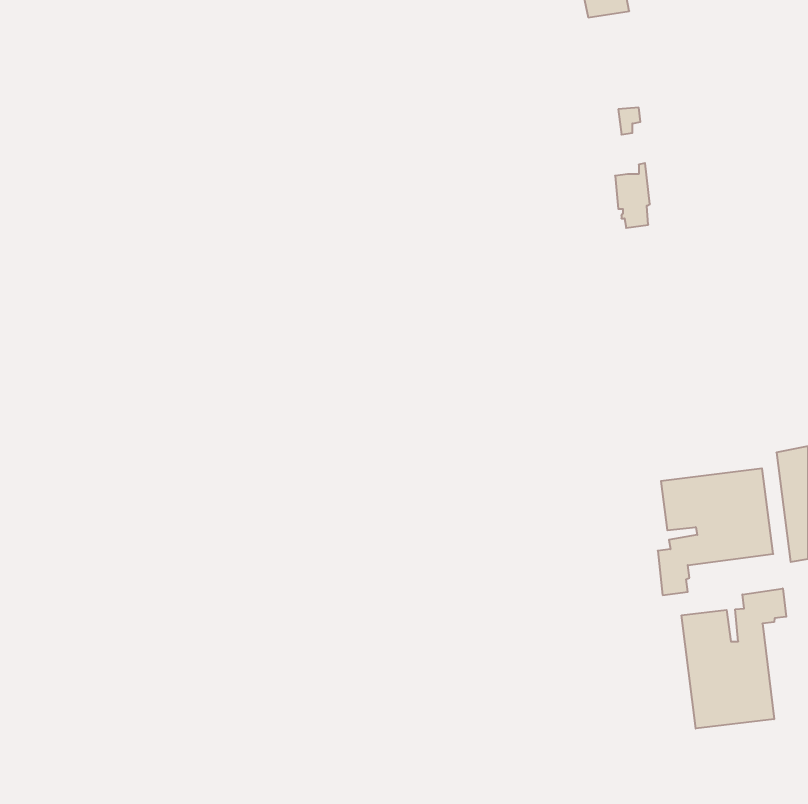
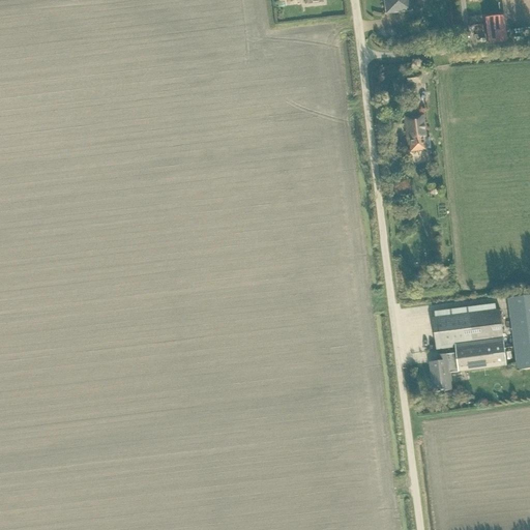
building: none -> [484,13,506,40]
building: [682,588,786,729] -> none

